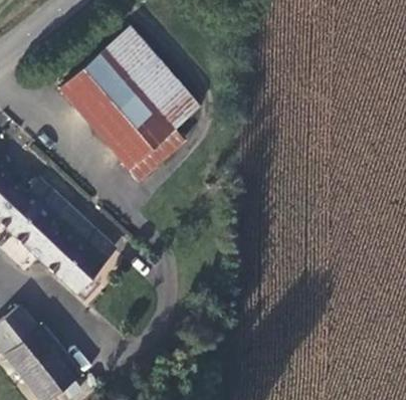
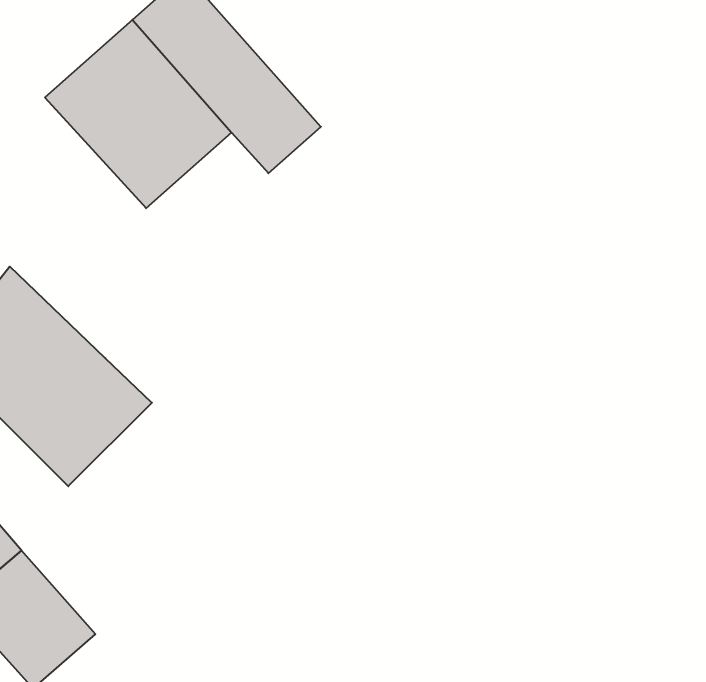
building: [110,109,182,181] -> none

